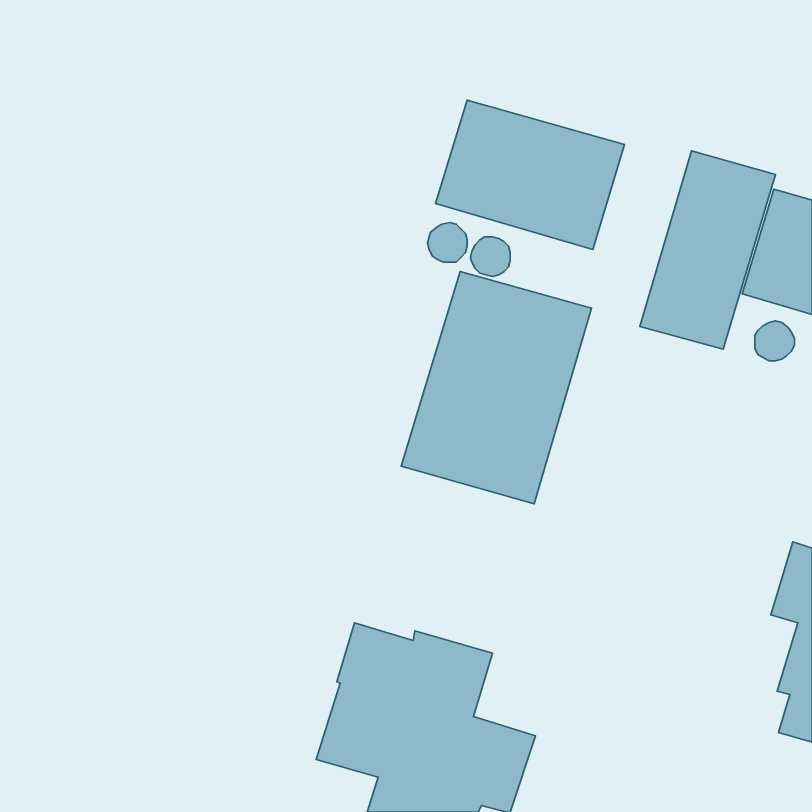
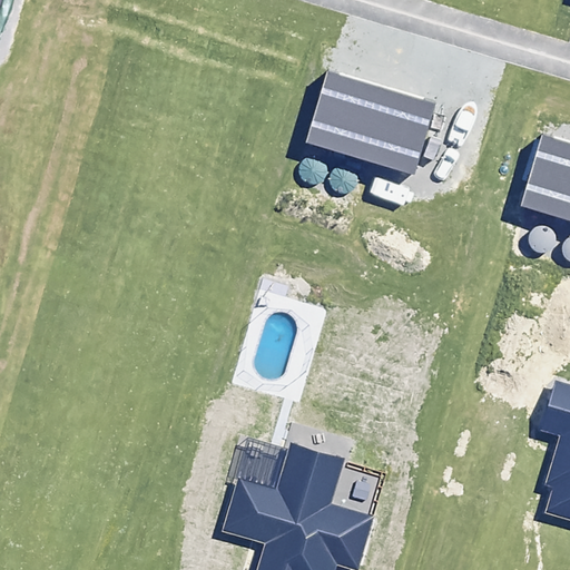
building: [640,151,776,349] -> none
building: [401,271,592,504] -> none

